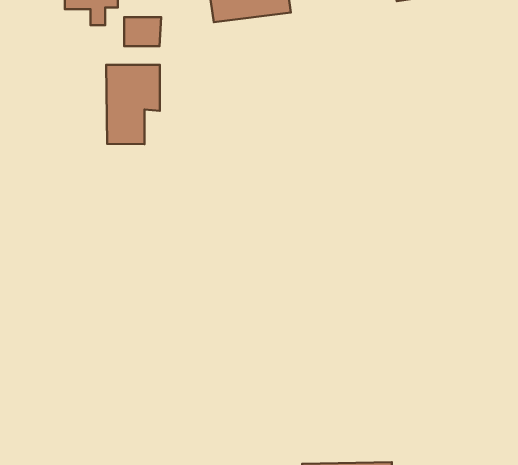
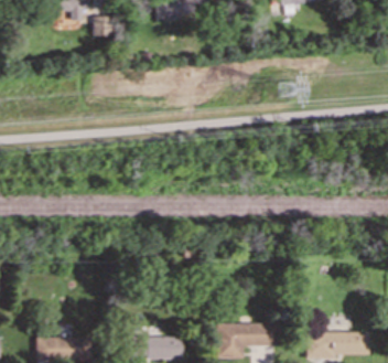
building: [106,65,160,144] -> none

